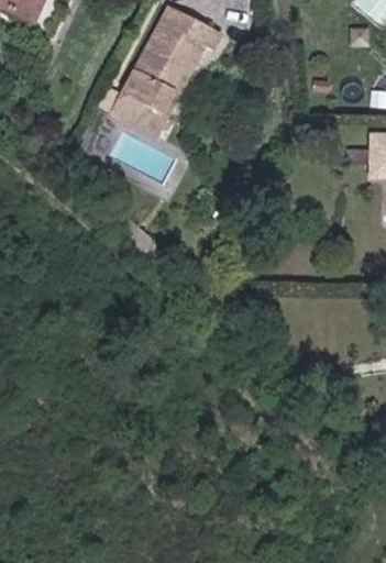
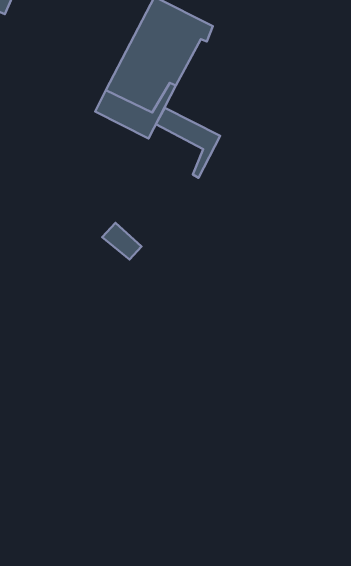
building: none -> [156,108,220,178]

